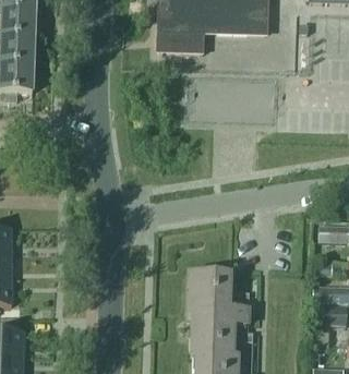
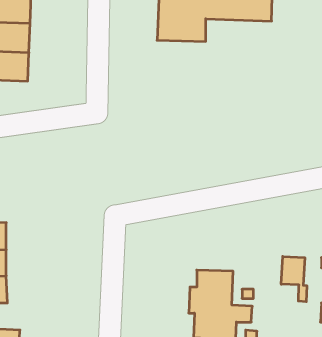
building: none -> [281,256,307,302]

